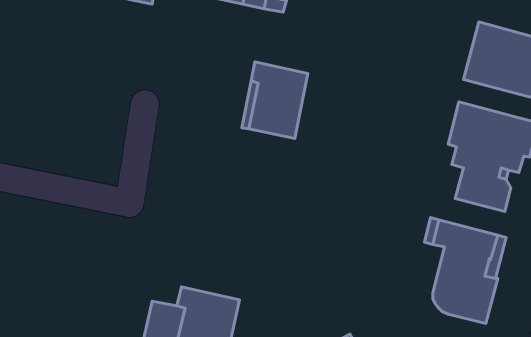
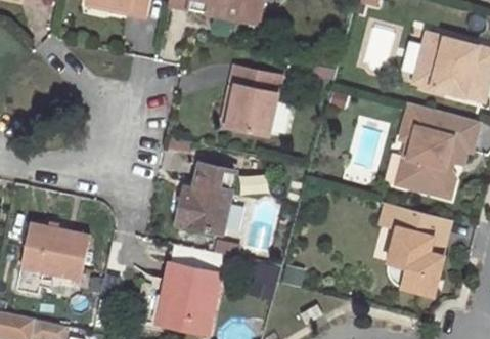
building: none -> [179,165,233,232]
building: none -> [20,223,90,282]

